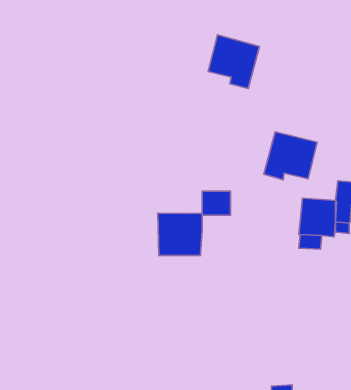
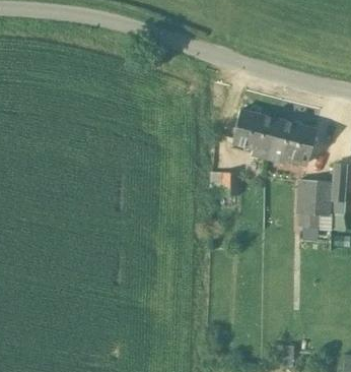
building: [208,35,260,88] -> [232,111,278,159]
building: [158,213,202,256] -> none

